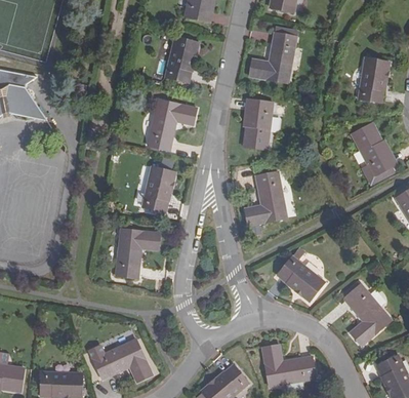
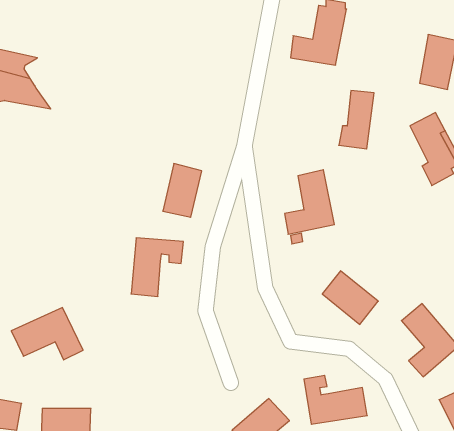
building: [165,37,199,83] -> none
building: [148,100,196,150] -> none
building: [243,101,273,150] -> [339,91,374,149]
building: [92,339,153,383] -> [11,308,83,360]

